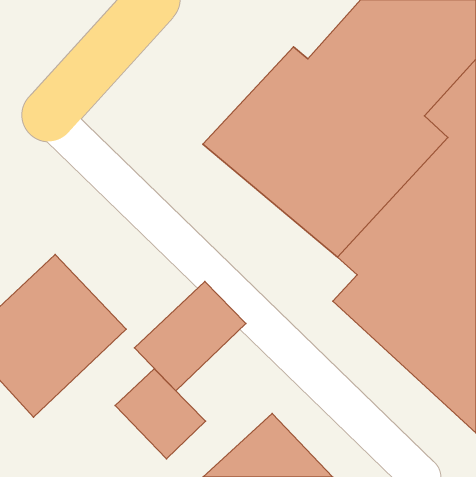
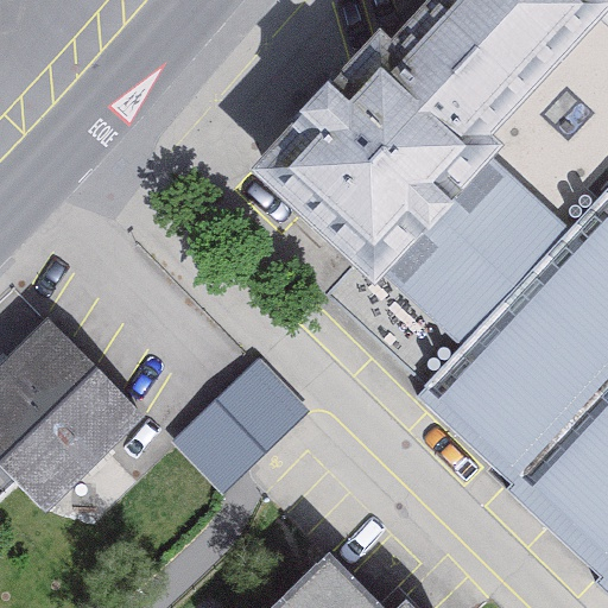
building: [115,369,205,459] -> none

